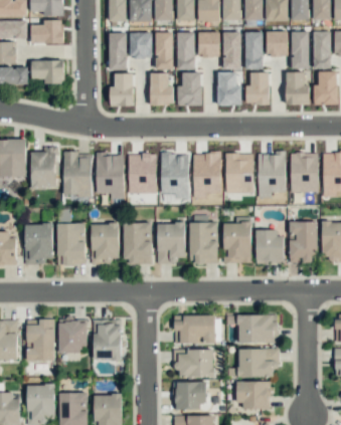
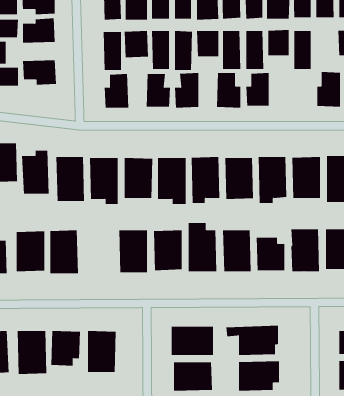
building: [313,32,331,69] -> none
building: [286,72,309,105] -> none
building: [91,224,120,263] -> none

